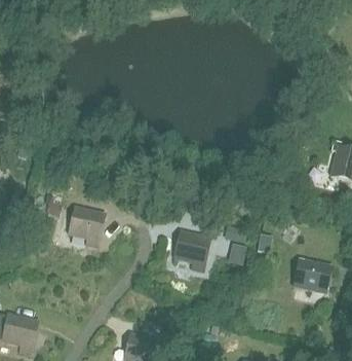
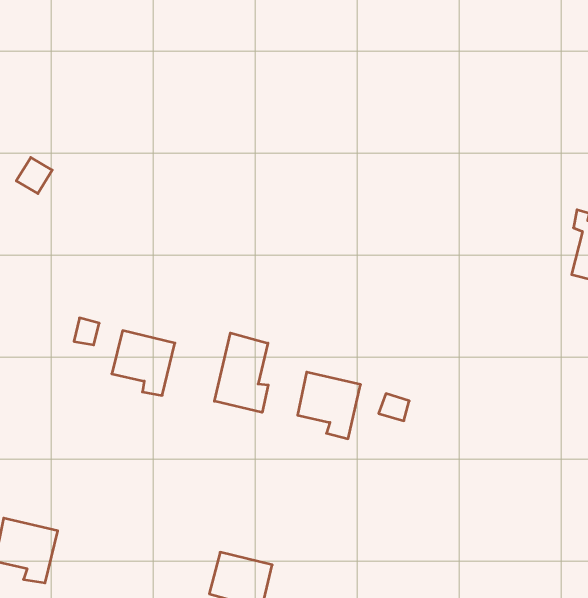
building: none -> [214,333,268,412]
building: [294,258,331,291] -> none

